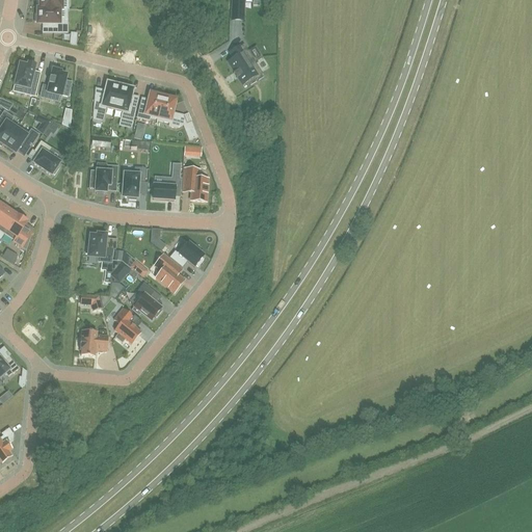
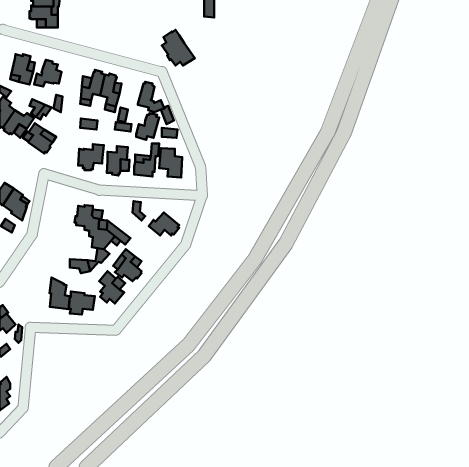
building: [227,41,264,81] -> [162,30,195,66]
building: [136,89,162,119] -> [136,113,159,140]
building: [154,254,182,291] -> none
building: none -> [49,278,70,309]

